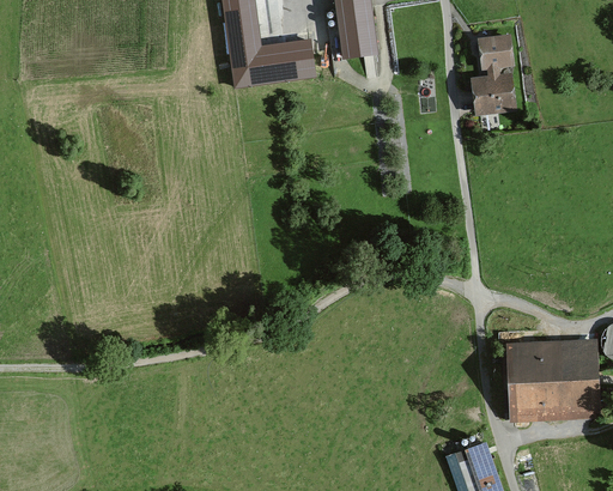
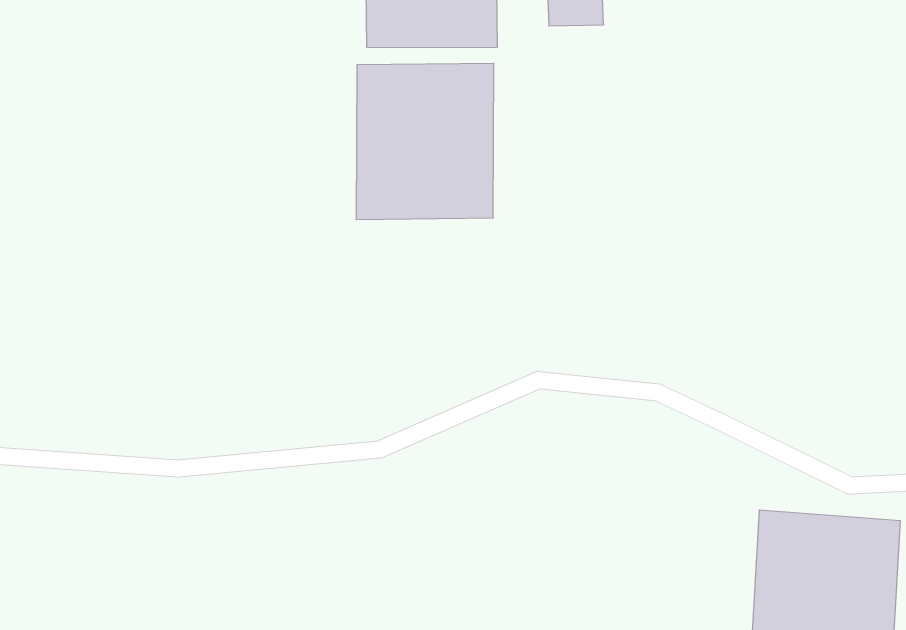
building: [473,37,514,114] -> none
building: none -> [356,63,494,220]

